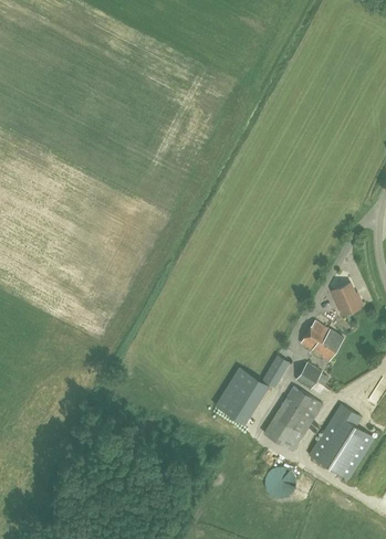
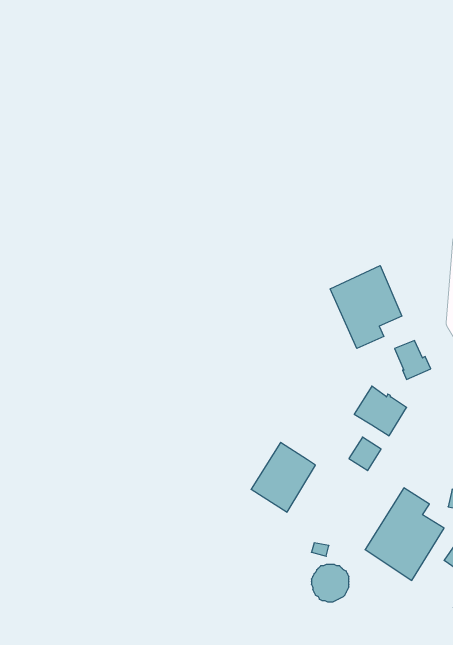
building: none -> [330,266,402,348]
building: [261,355,290,389] -> none
building: [263,389,322,452] -> none

